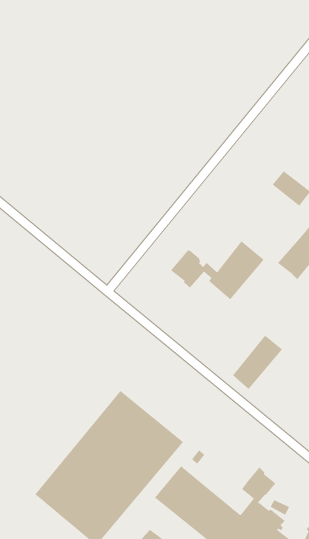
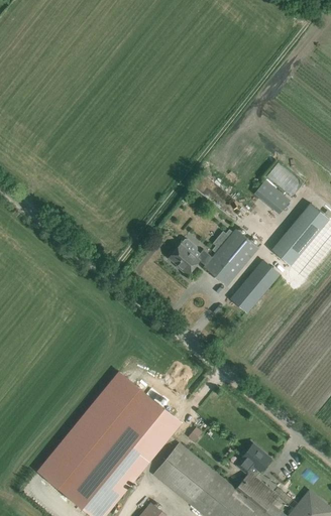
building: none -> [252,180,290,215]
building: [232,335,283,390] -> [230,261,279,313]

